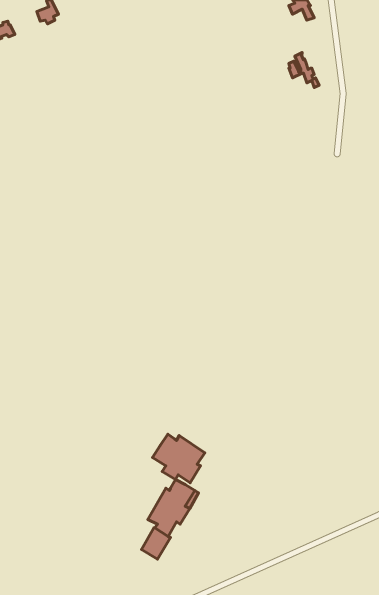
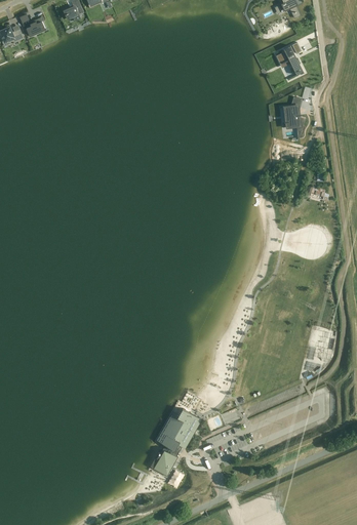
building: none -> [282,97,304,142]
building: [153,434,205,483] -> none

